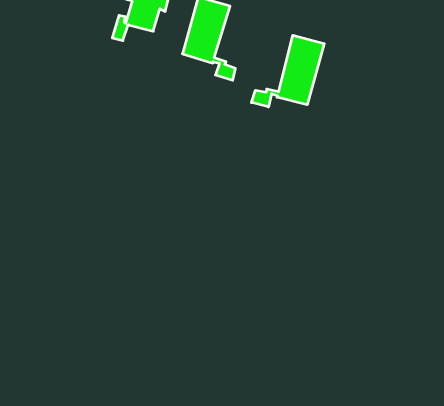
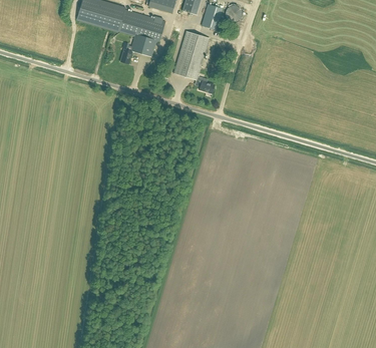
building: [251,35,324,107] -> none

